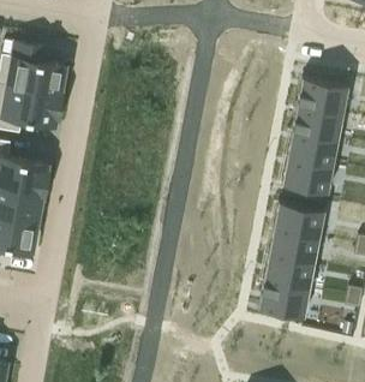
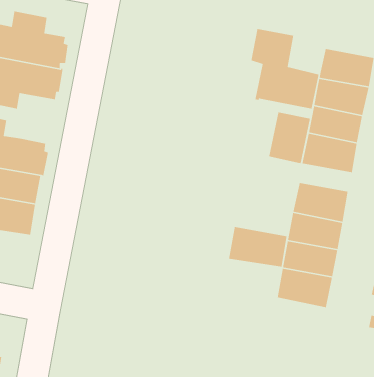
building: none -> [250,28,319,110]
building: none -> [268,111,311,164]
building: none -> [228,226,288,268]

